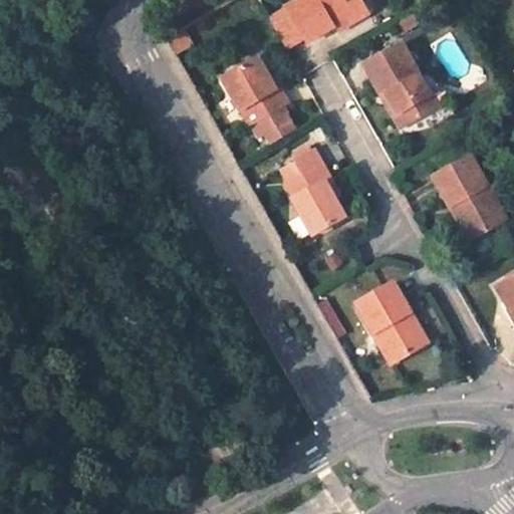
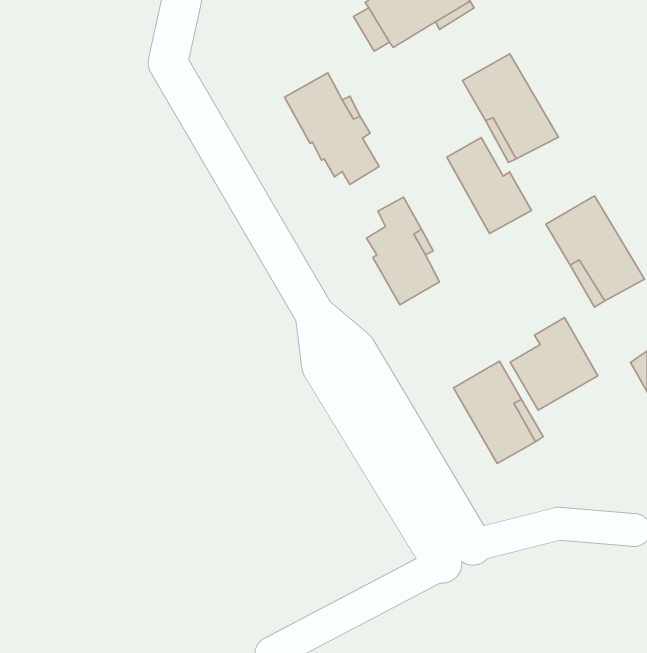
building: none -> [447,138,531,233]
building: none -> [510,317,598,410]

